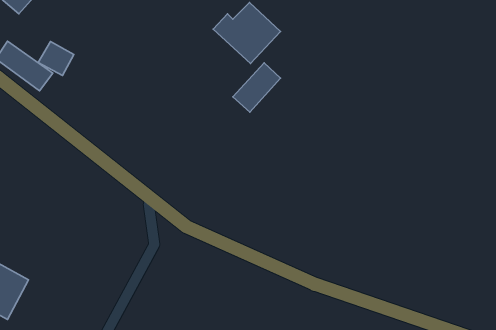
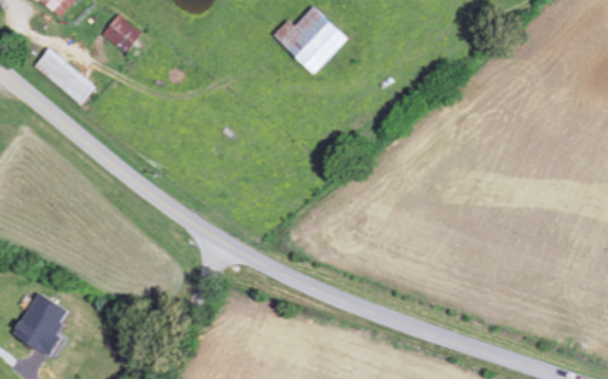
building: [38,41,74,76] -> [102,13,140,51]
building: [233,63,281,112] -> none

